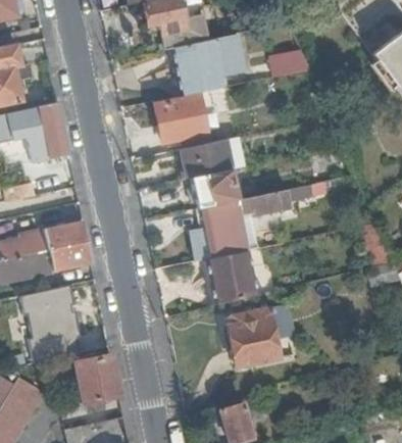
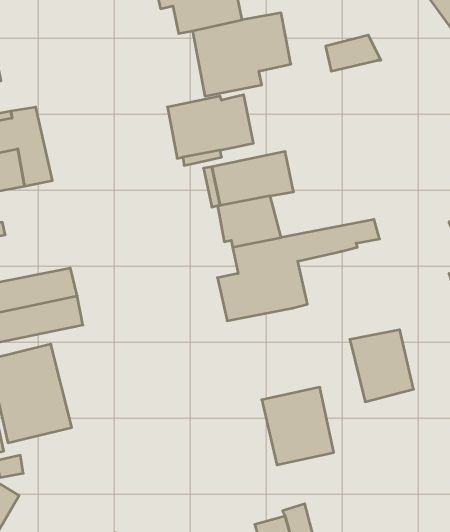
building: [209,251,256,304] -> [350,330,414,402]
building: [73,353,119,403] -> none

